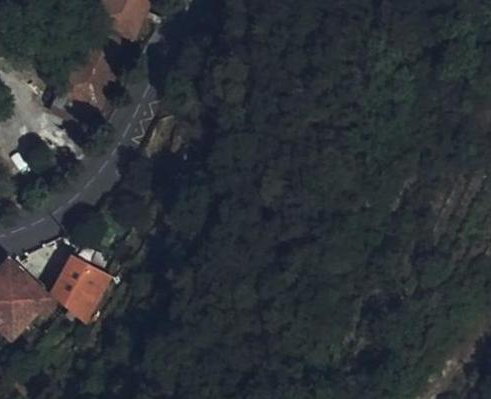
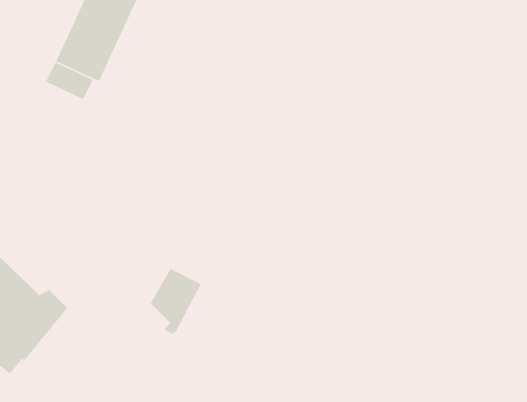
building: [56,255,102,314] -> [150,268,202,335]

